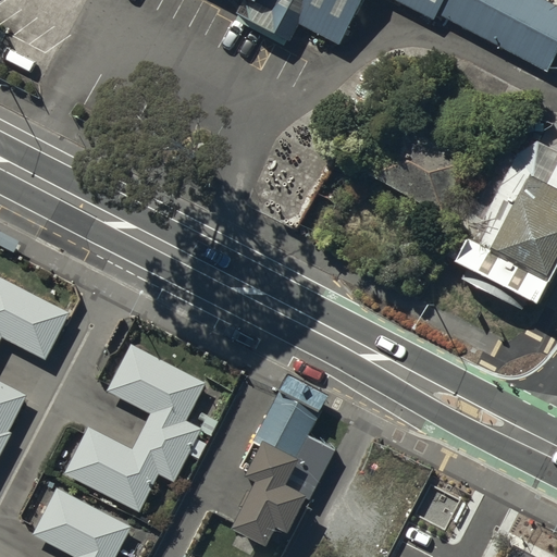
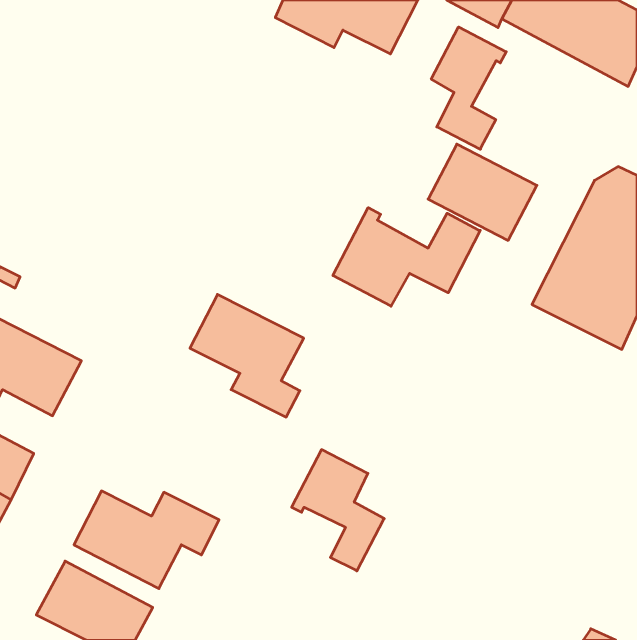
building: none -> [431,27,506,149]
building: none -> [333,208,480,306]
building: [107,345,206,451] -> [190,294,304,417]
building: [231,441,309,546] -> none

